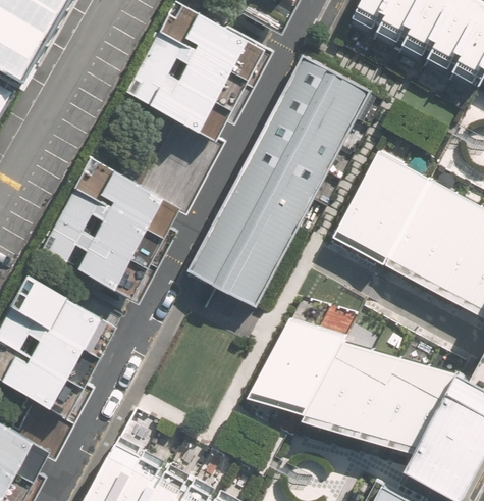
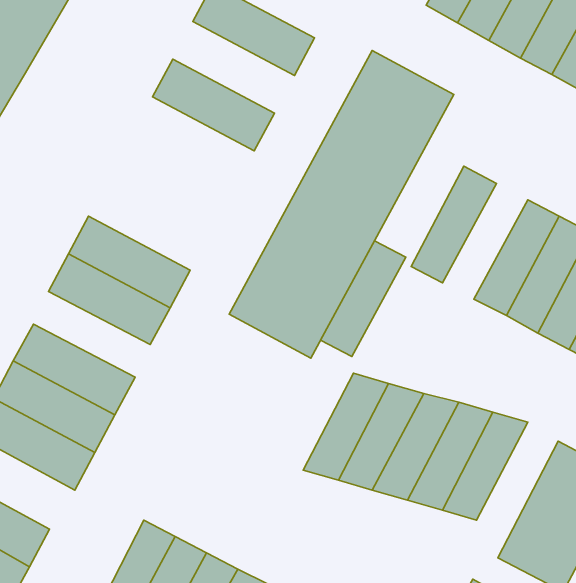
building: [142,34,240,108] -> none
building: [73,161,172,236] -> none
building: [361,165,430,259] -> [321,241,406,357]
building: [388,359,459,447] -> none

